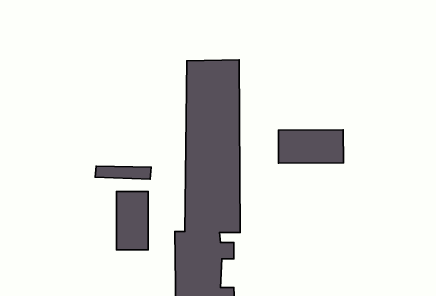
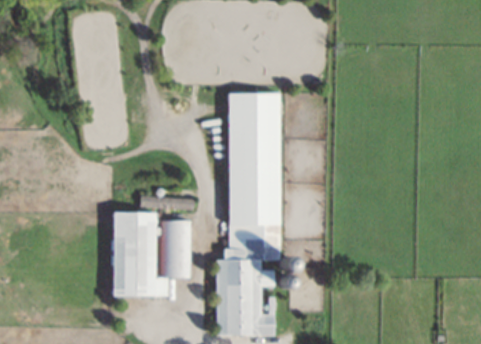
building: [278,130,343,163] -> none
building: none -> [114,212,157,297]

